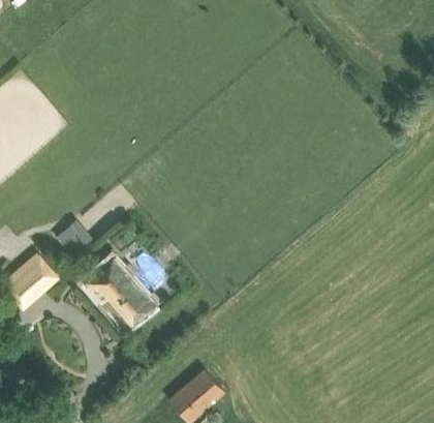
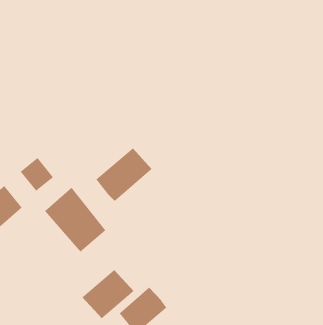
building: none -> [95,148,152,202]
building: none -> [82,269,135,319]

